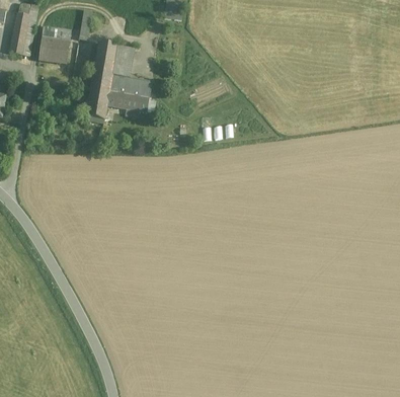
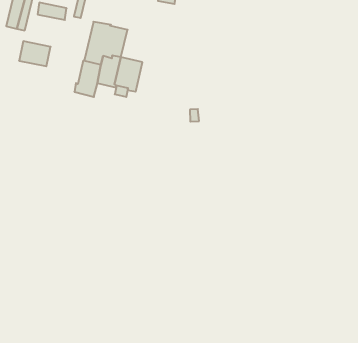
building: [38,38,70,63] -> [19,41,51,66]

